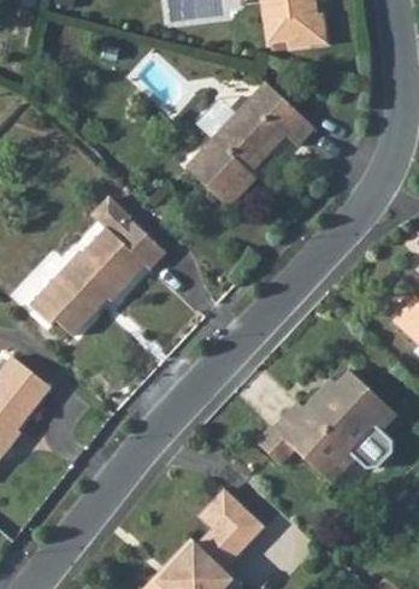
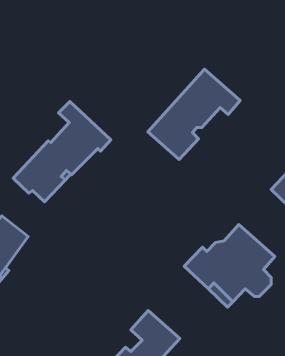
building: [184,79,312,205] -> [148,69,240,160]

